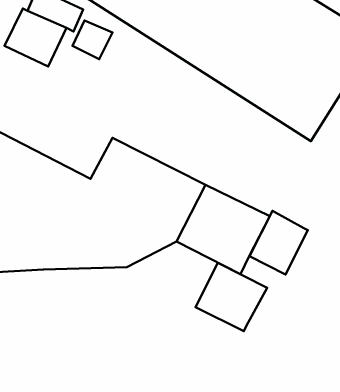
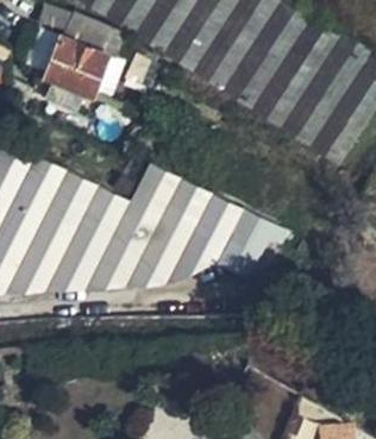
building: [249,211,308,274] -> none
building: [195,263,267,331] -> none

